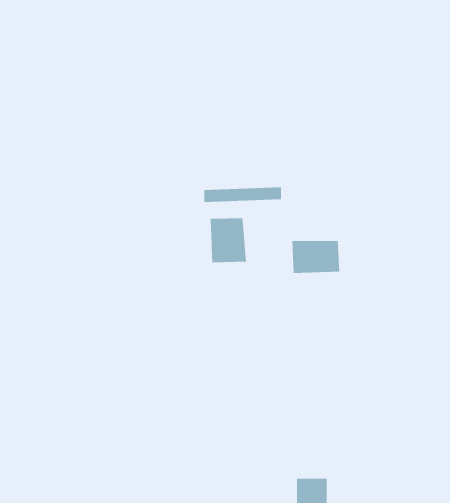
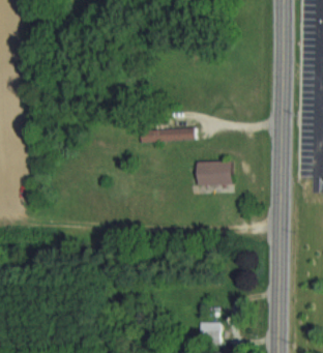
building: [210,217,246,263] -> none

